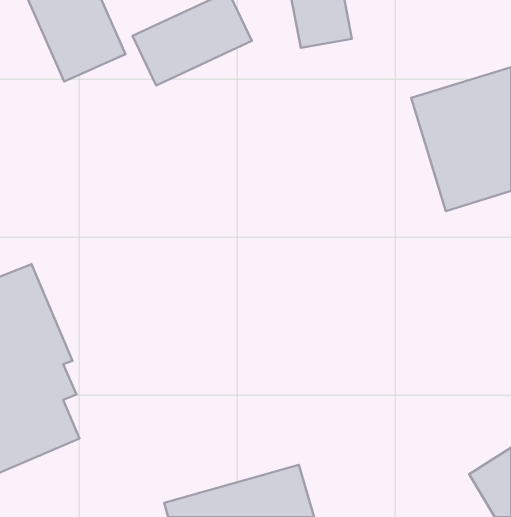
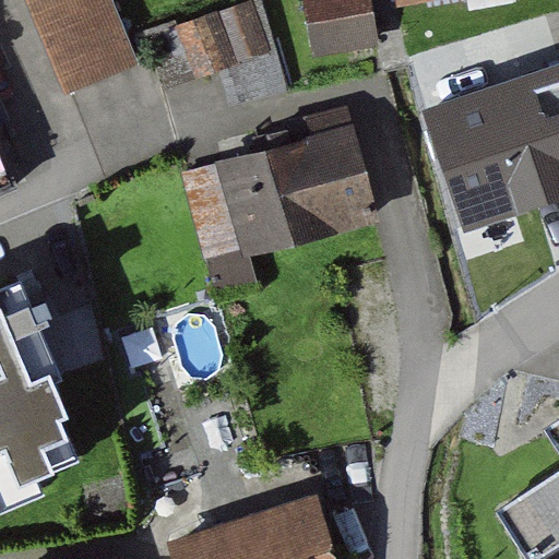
building: none -> [185,130,377,274]

